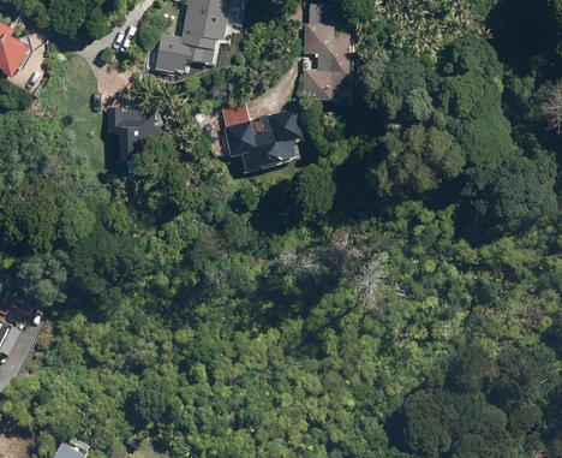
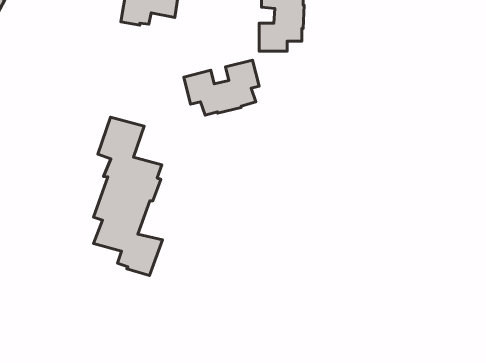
building: [108,106,156,157] -> none
building: none -> [93,117,162,275]

